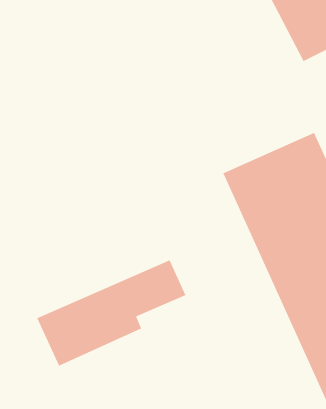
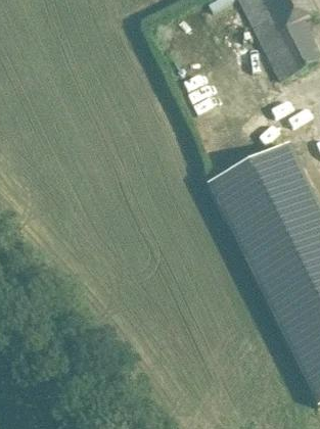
building: [37,259,186,367] -> none

